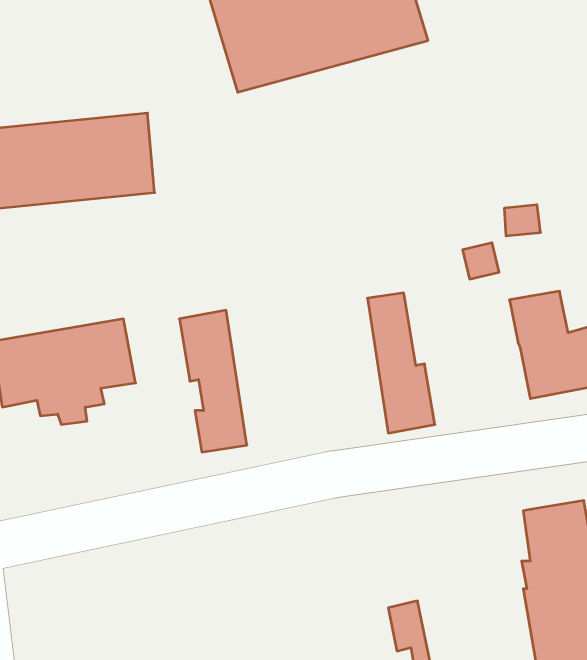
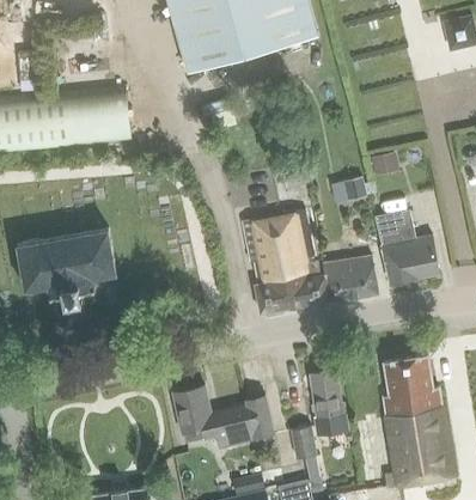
building: [179,310,247,452] -> [244,214,291,312]
building: none -> [316,255,378,301]
building: none -> [310,367,347,432]
building: none -> [172,385,275,447]

